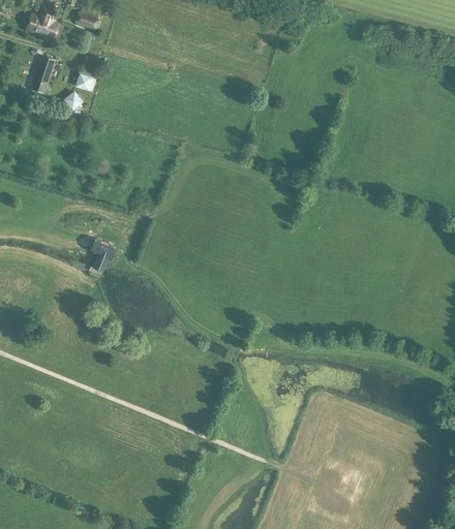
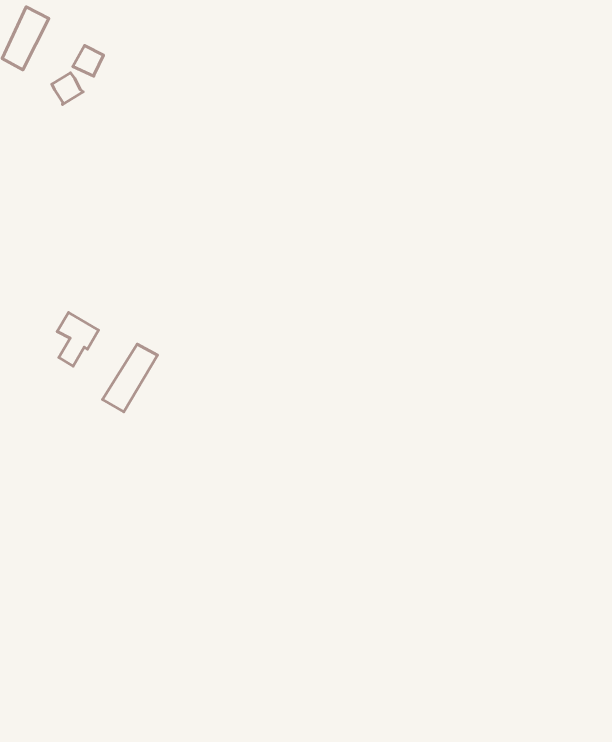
building: none -> [103,344,157,412]

